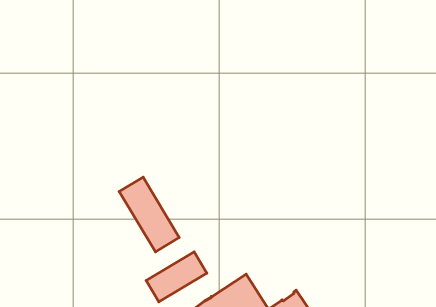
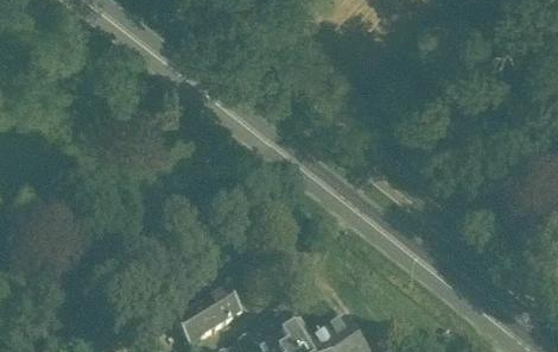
building: [119,177,179,252] -> none

